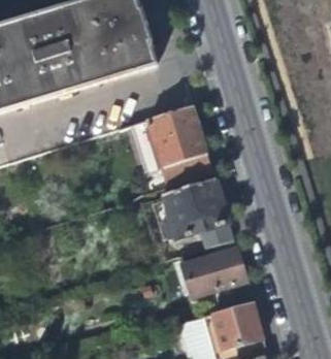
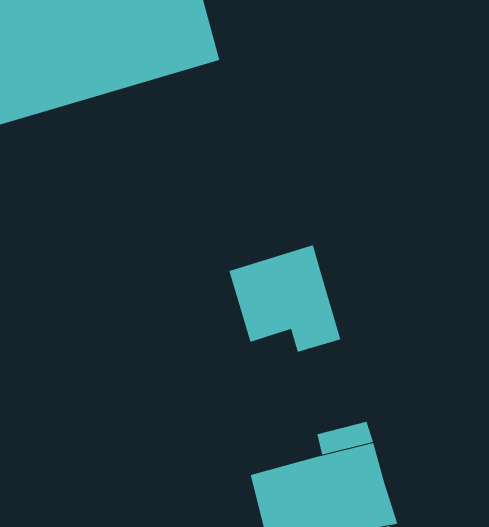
building: [147,103,212,185] -> none
building: [181,237,245,297] -> none

